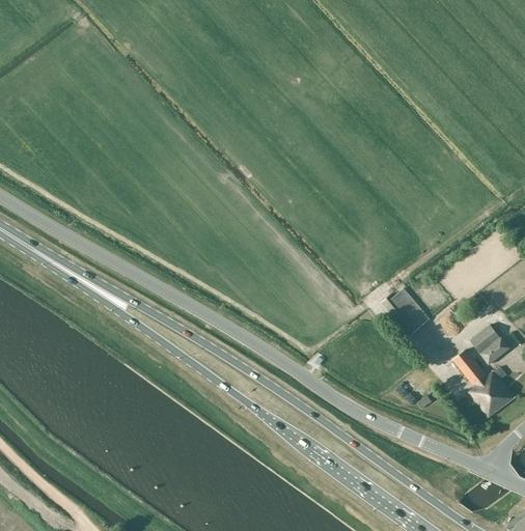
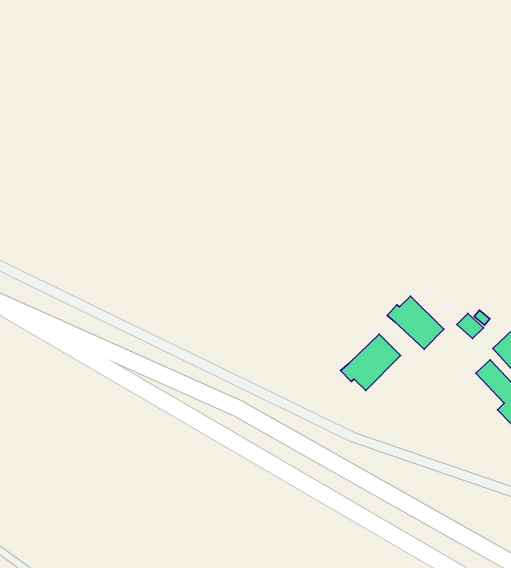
building: none -> [341,334,401,391]

